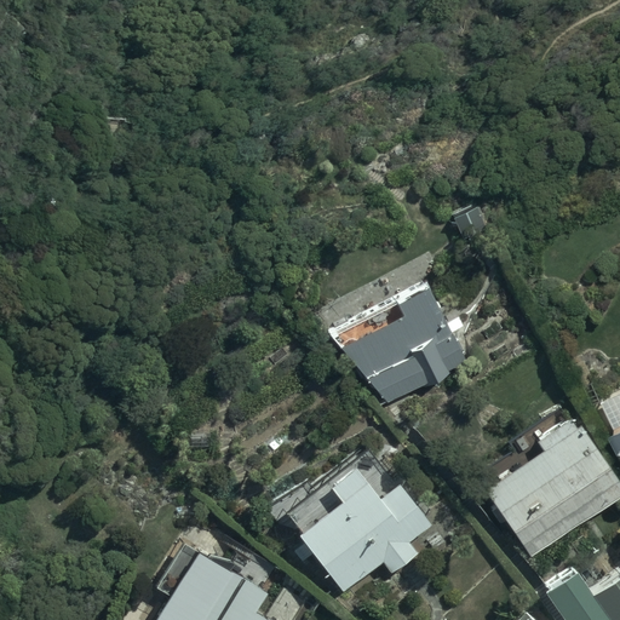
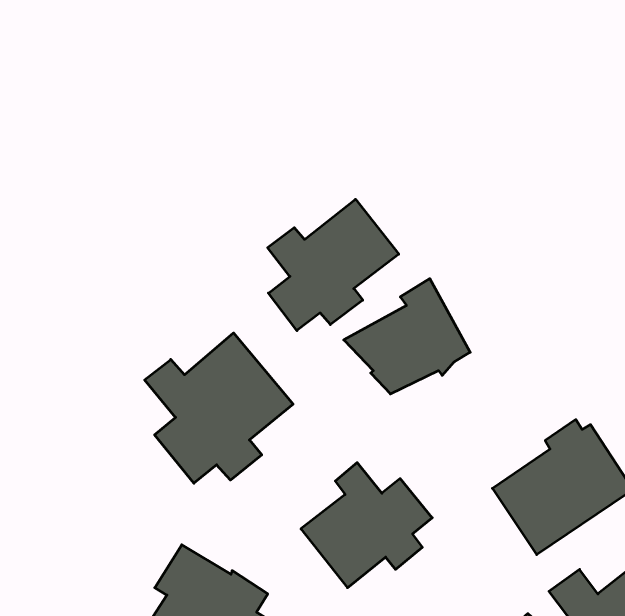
building: none -> [268,199,399,331]
building: none -> [145,333,293,483]

